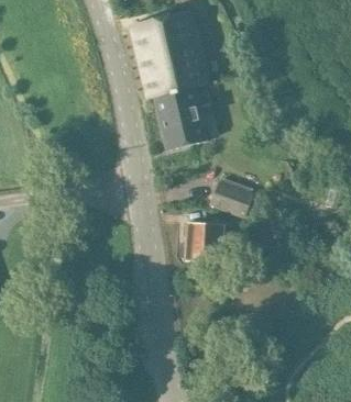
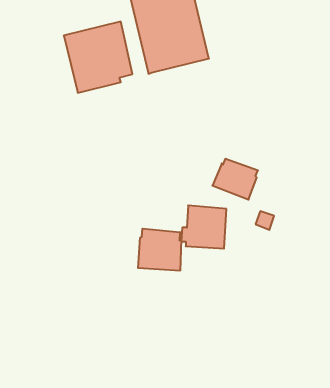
building: [151,82,216,149] -> [64,22,132,93]
building: none -> [138,229,181,271]

